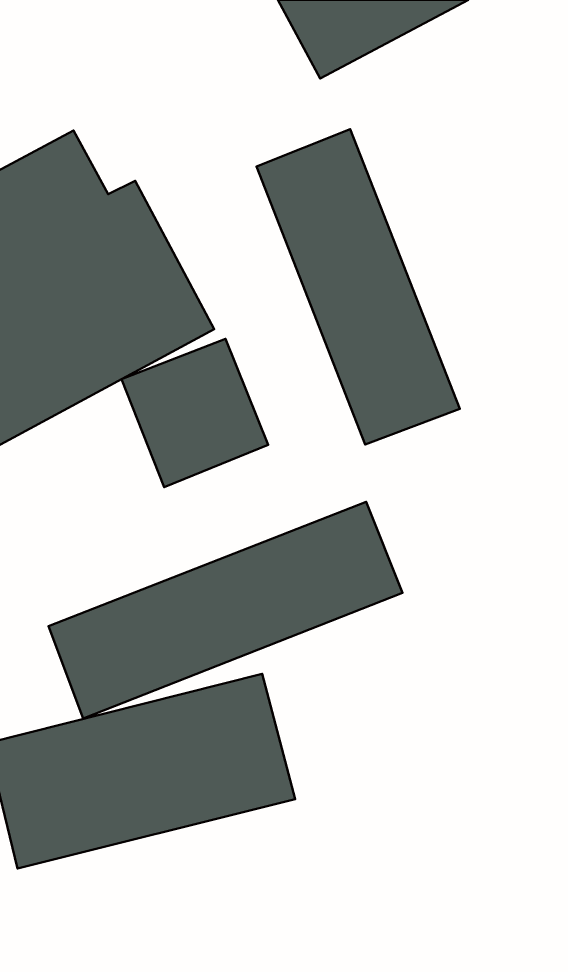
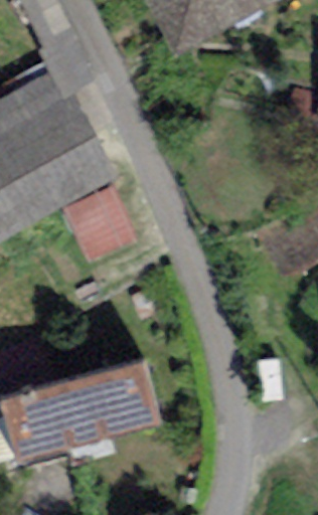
building: [256,129,460,444] -> none
building: [49,502,403,718] -> none

